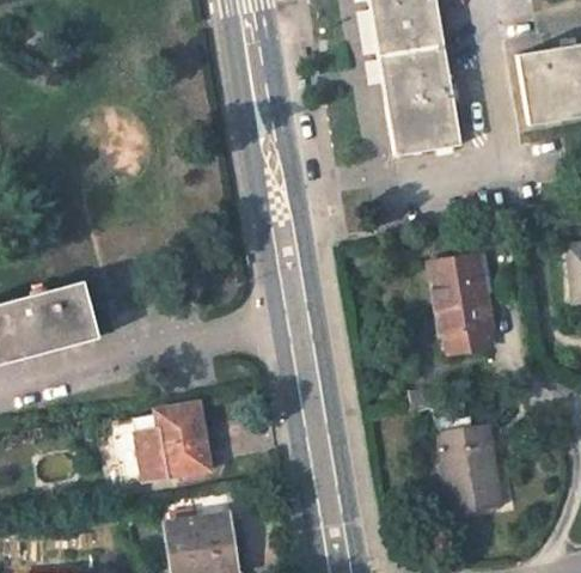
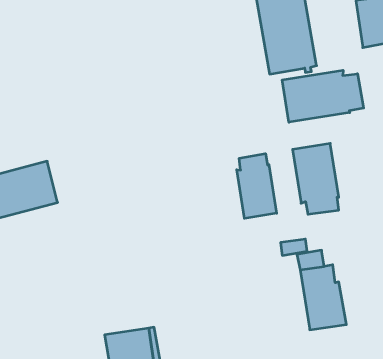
building: none -> [282,70,364,122]
building: none -> [237,154,277,218]
building: [114,402,213,486] -> none

